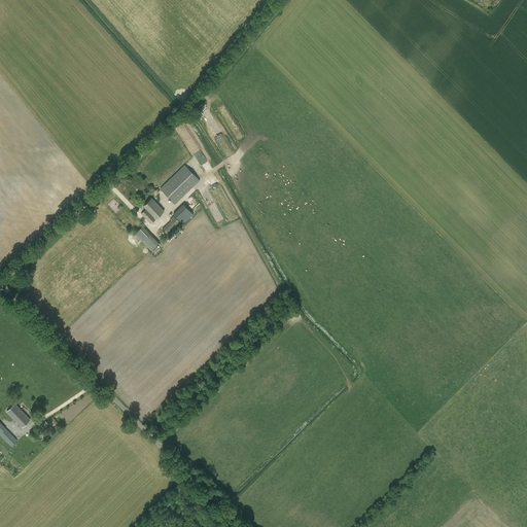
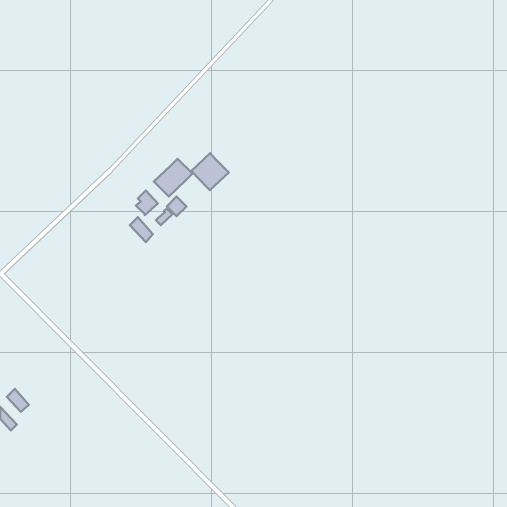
building: none -> [191,153,229,190]

